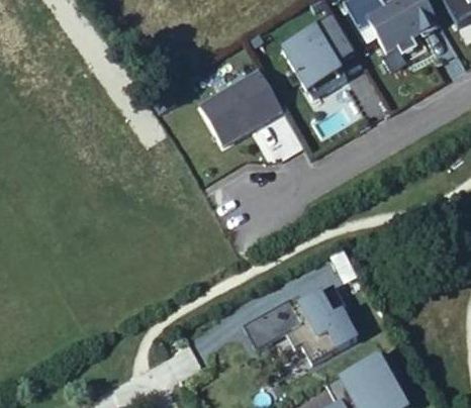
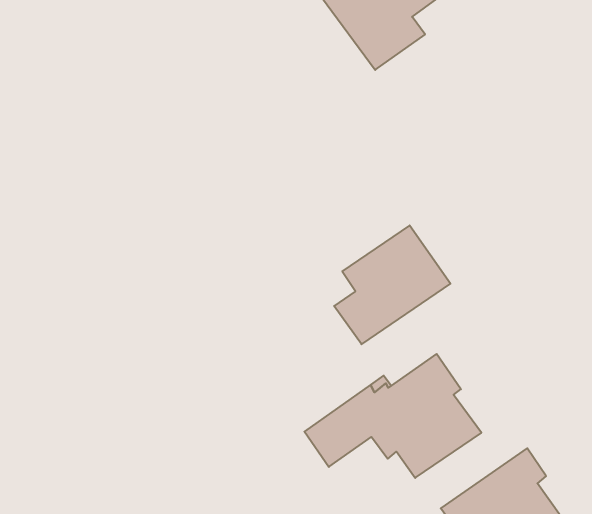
building: [199,71,282,148] -> none
building: none -> [334,225,450,344]

